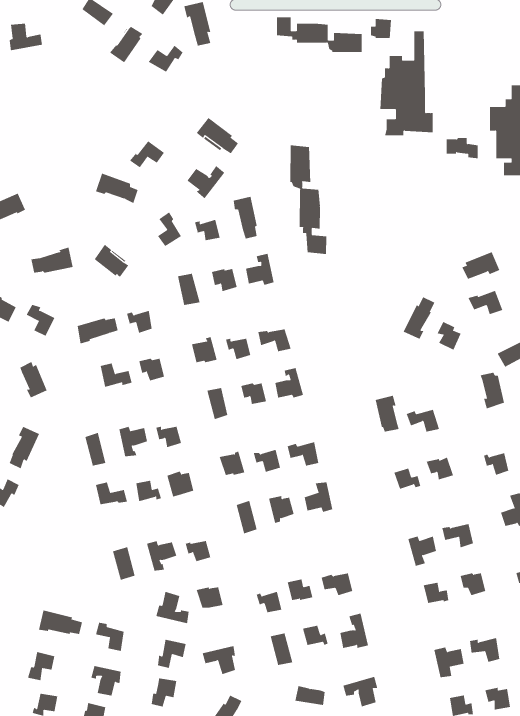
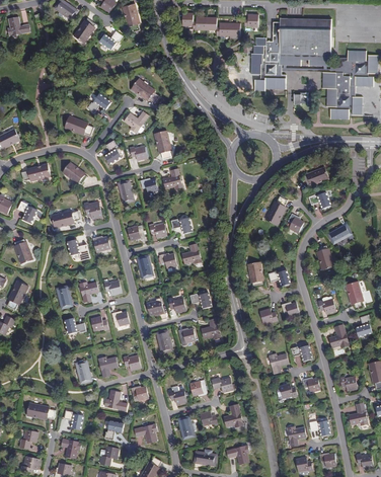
building: none -> [280,18,330,66]
building: [290,144,327,255] -> none

